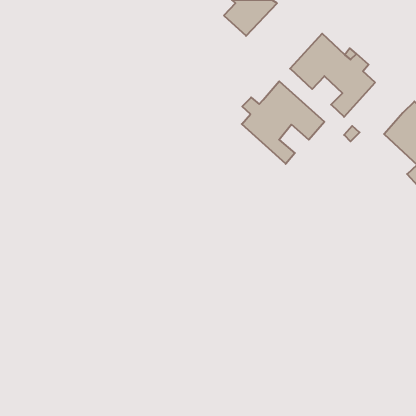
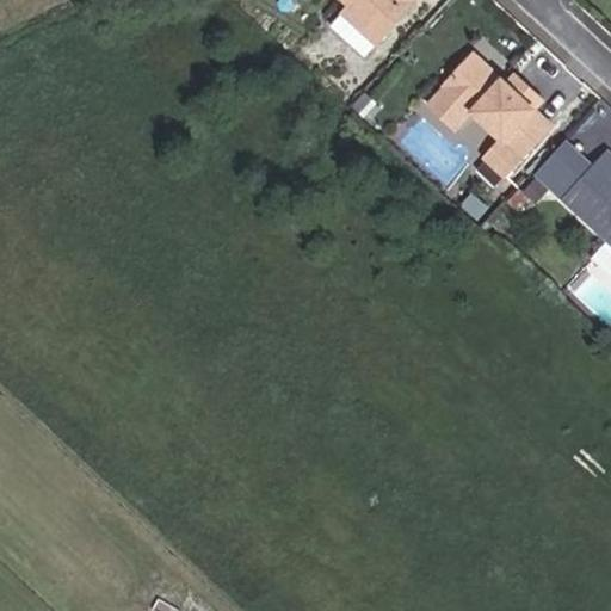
building: [242,81,324,164] -> none
building: none -> [537,143,591,198]

